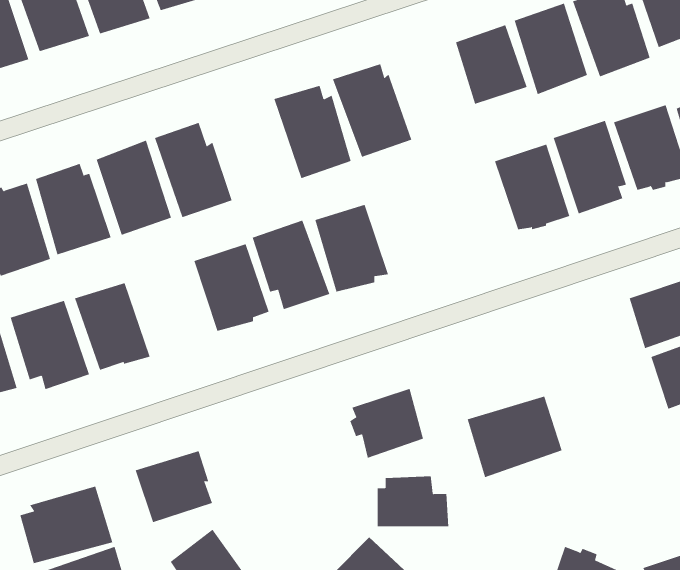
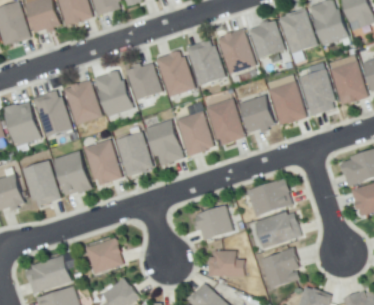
building: none -> [217,29,256,75]
building: none -> [125,62,162,101]
building: none -> [239,95,275,133]
building: none -> [206,98,245,145]
building: none -> [83,139,122,185]
building: none -> [246,177,291,216]
building: none -> [261,247,301,289]

